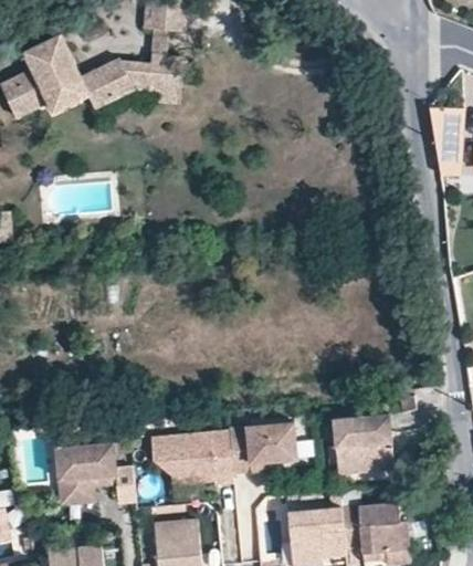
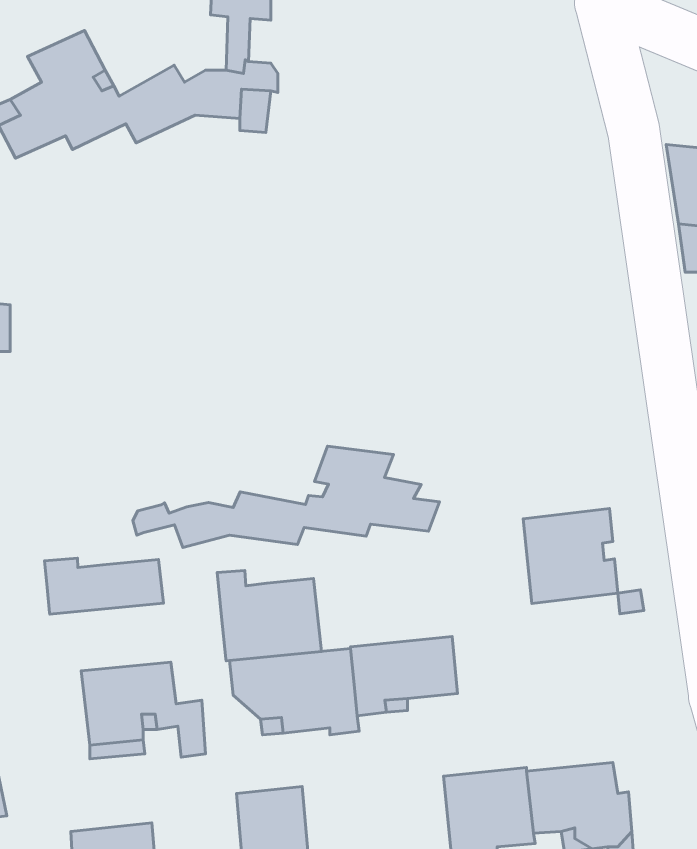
building: none -> [133,446,439,547]
building: none -> [44,558,164,614]
building: none -> [217,570,321,661]
building: [332,412,392,473] -> [523,509,618,604]

